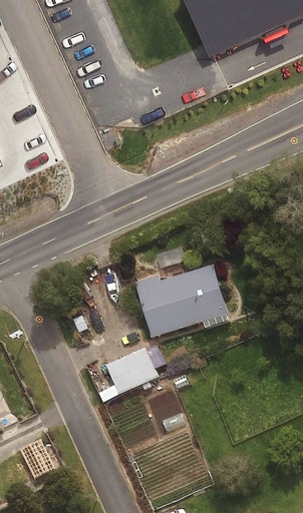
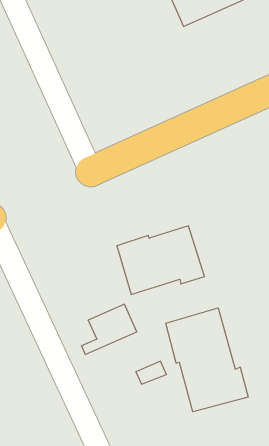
building: none -> [166,308,248,412]

